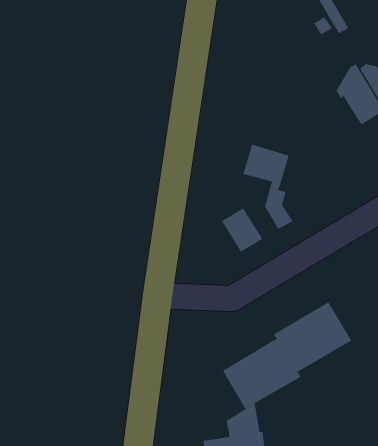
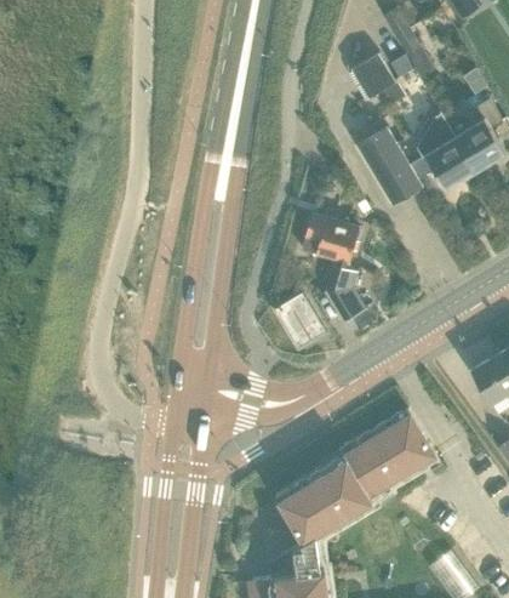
building: none -> [351,53,406,106]
building: none -> [356,127,435,205]

